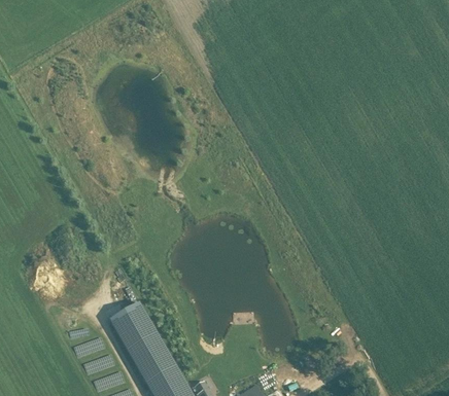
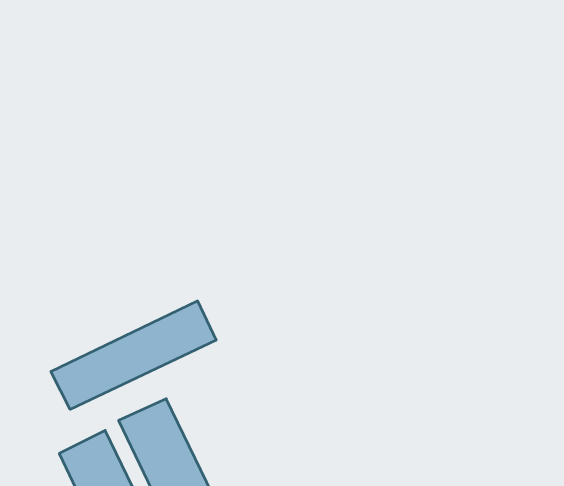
building: none -> [51,301,216,409]

